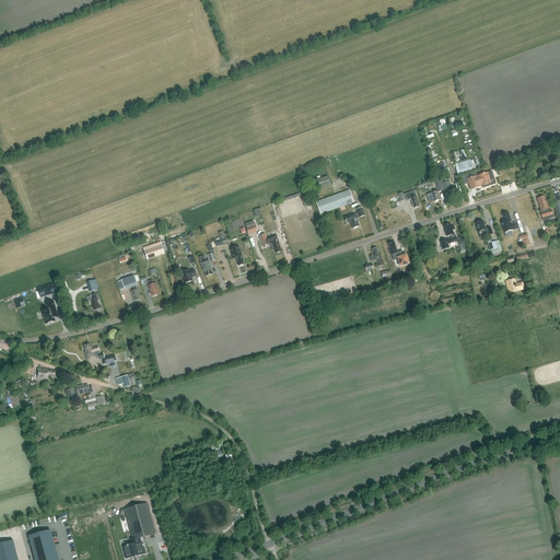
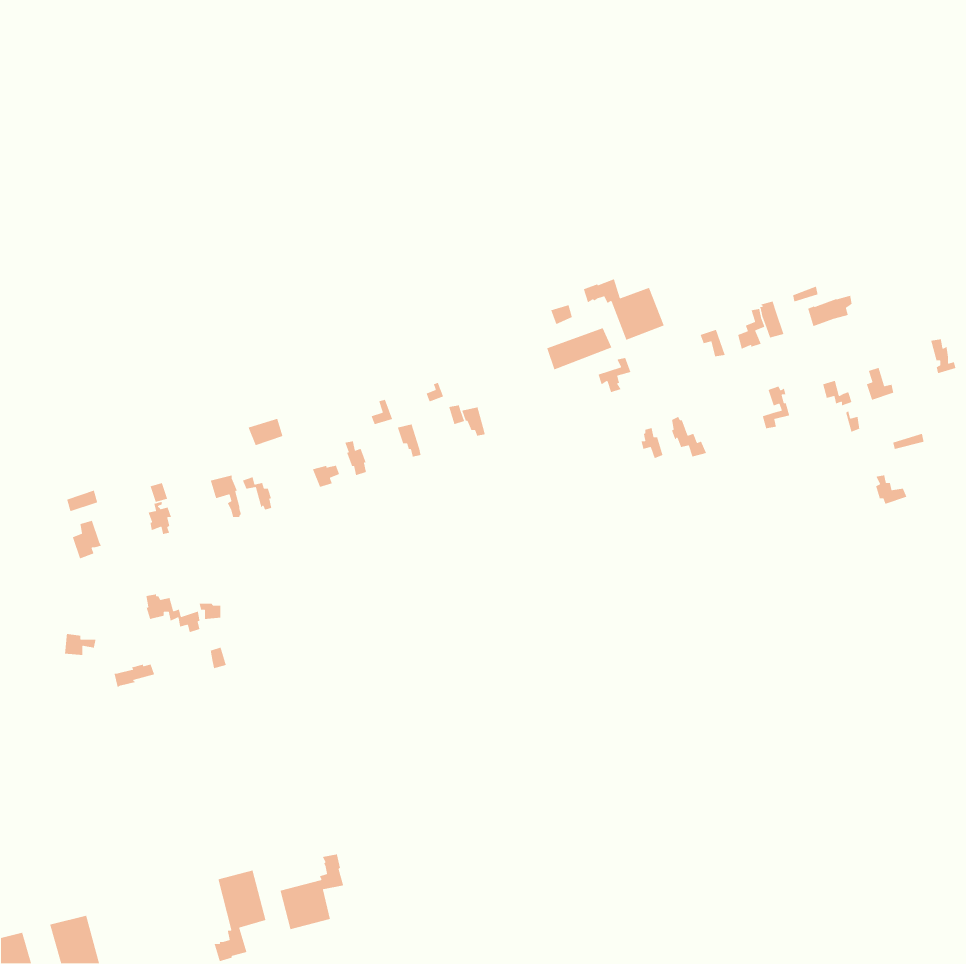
building: none -> [583,278,665,341]
building: none -> [280,853,344,930]

